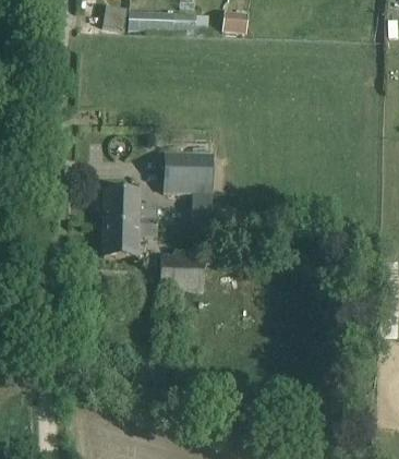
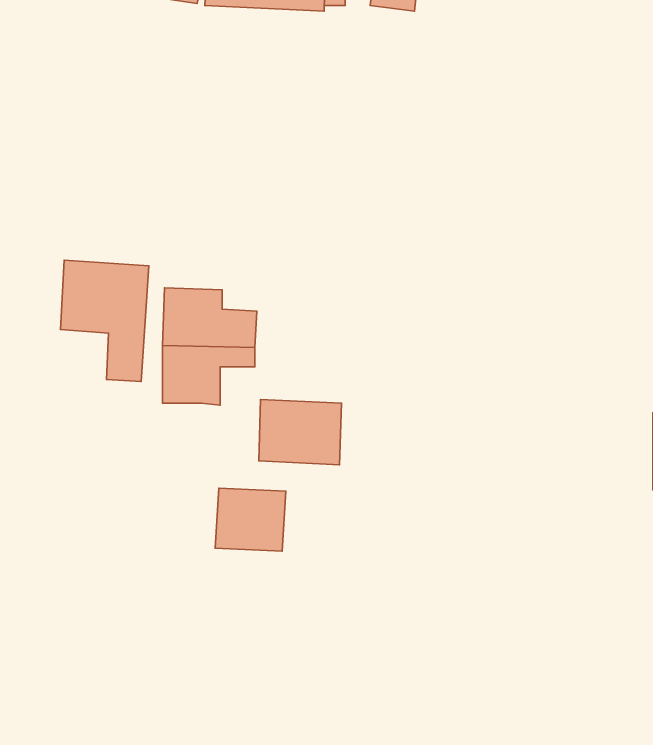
building: [164,150,214,219] -> [60,260,149,381]
building: none -> [215,488,286,551]

